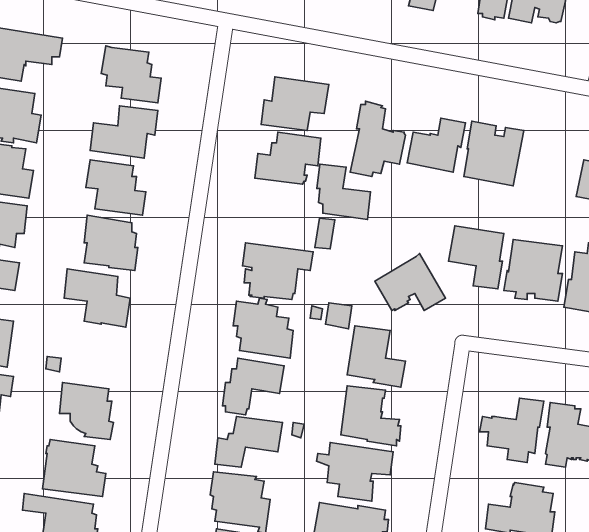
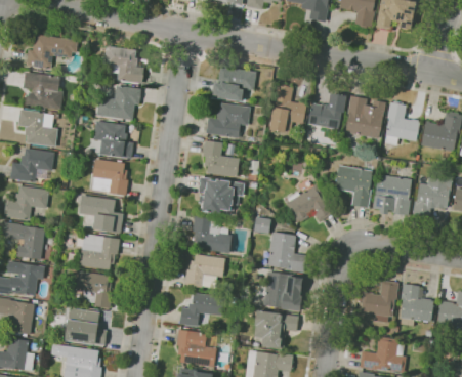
building: none -> [385,100,421,145]
building: [317,164,371,219] -> [203,139,239,176]
building: none -> [79,233,120,269]

